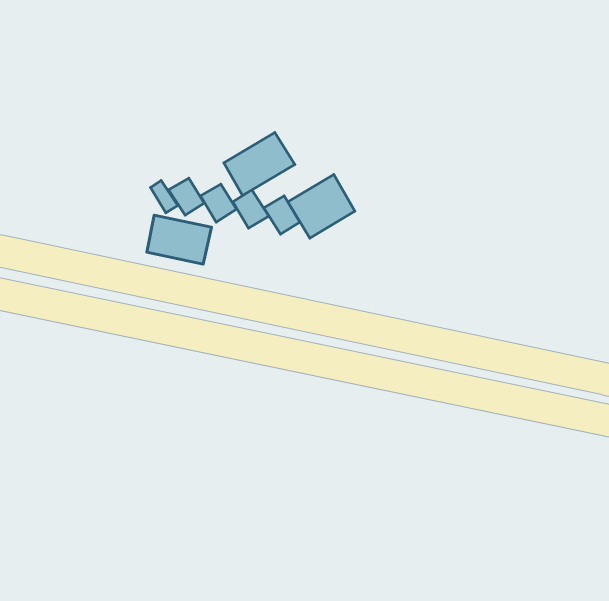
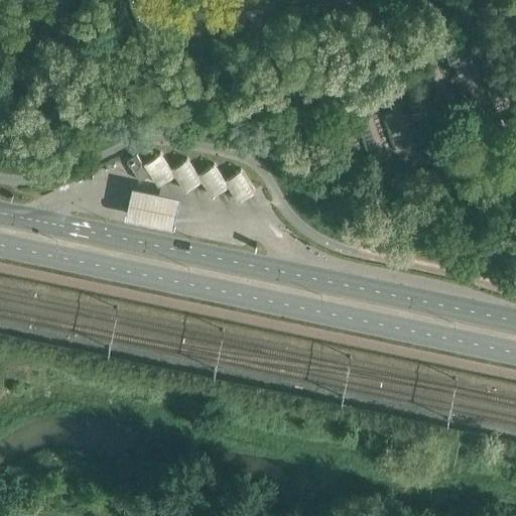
building: [224,132,295,196] -> none
building: [288,175,355,238] -> none

